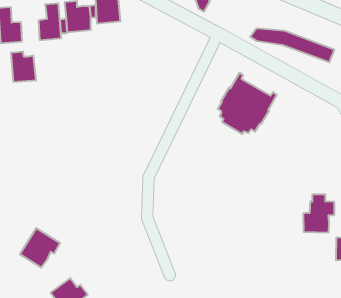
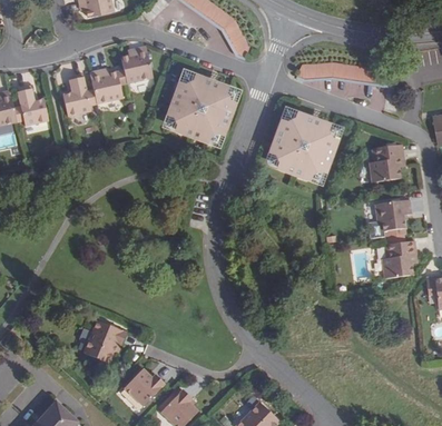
building: none -> [171,71,233,138]
building: [11,51,36,82] -> none
building: none -> [365,147,400,185]
building: none -> [379,201,413,234]

